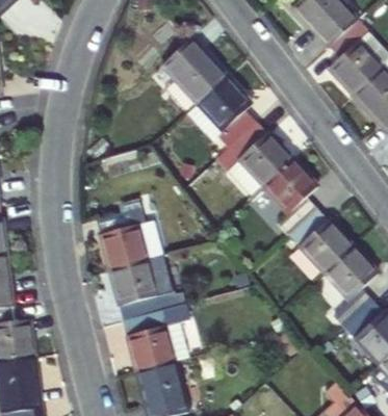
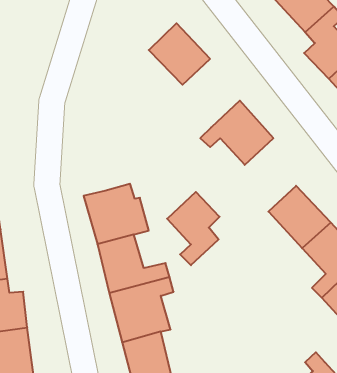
building: [187,75,258,147] -> none
building: [263,158,318,235] -> [167,192,220,265]

